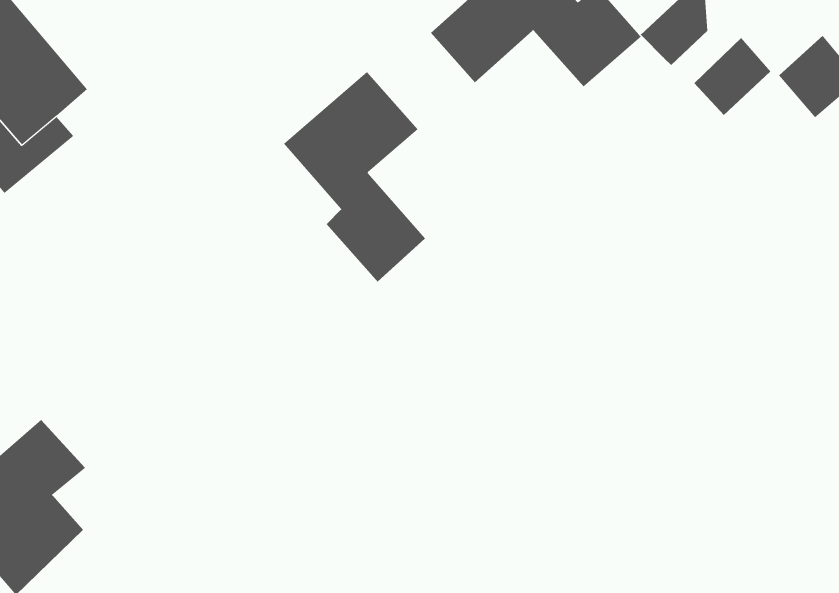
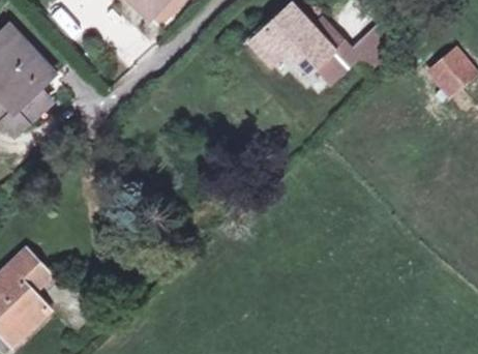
building: [693,37,771,116] -> none
building: [283,71,426,283] -> none

